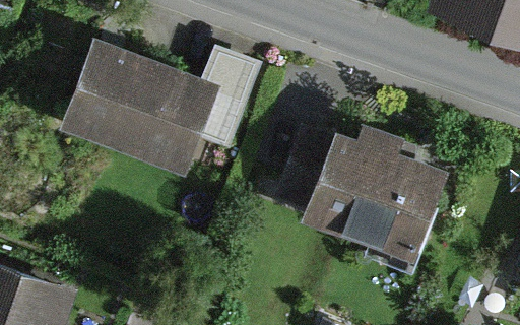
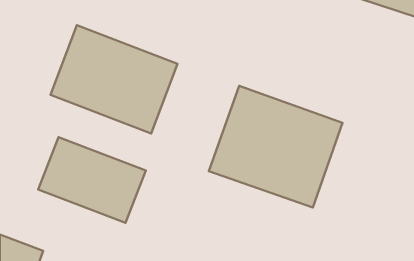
building: none -> [38,137,146,223]

